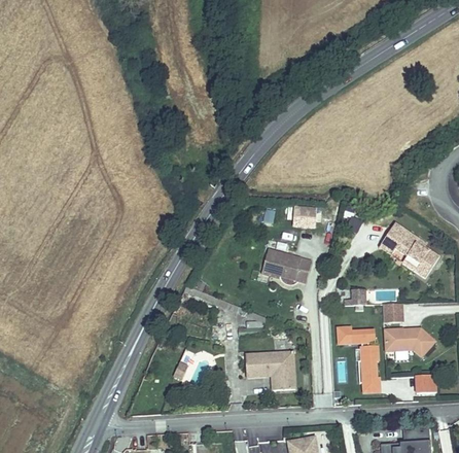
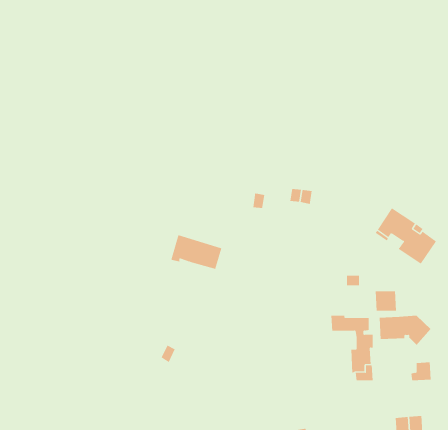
building: [263,247,314,281] -> [171,235,222,269]
building: [244,351,292,389] -> none

